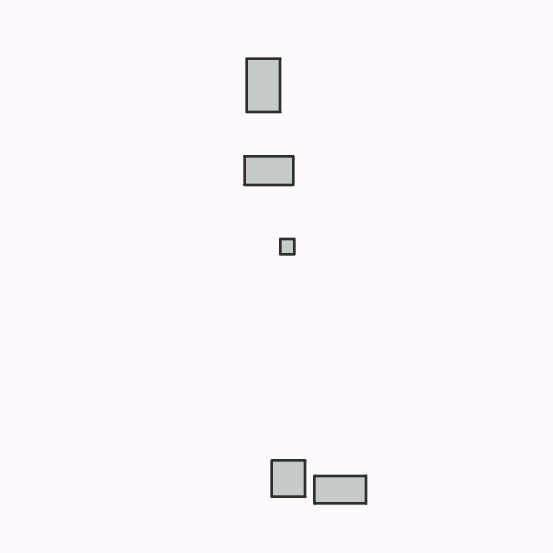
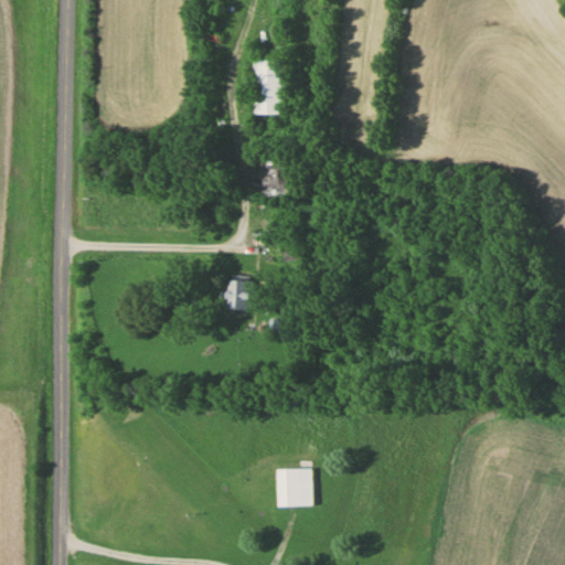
building: none -> [227,280,252,310]
building: [315,476,366,504] -> none

